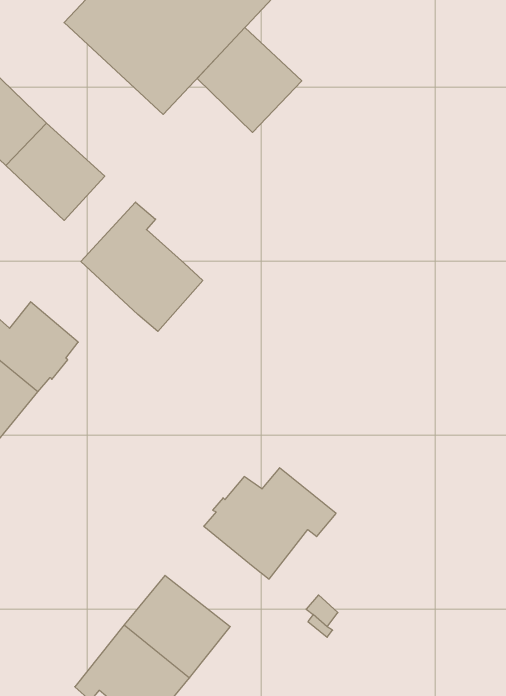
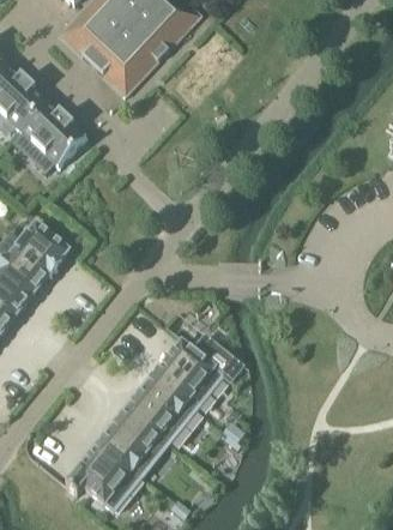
building: [197,27,302,132] -> none
building: [81,202,203,331] -> none
building: none -> [127,374,198,442]

